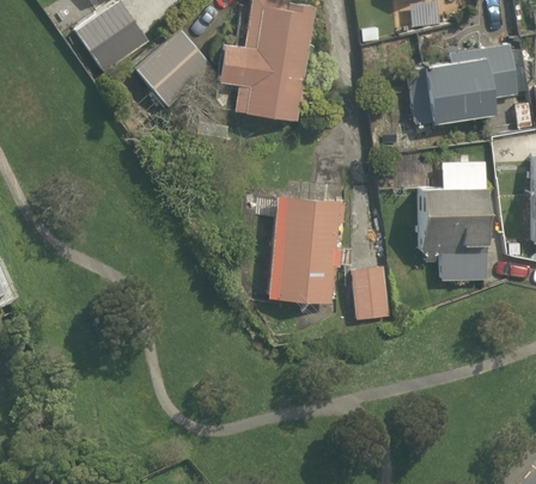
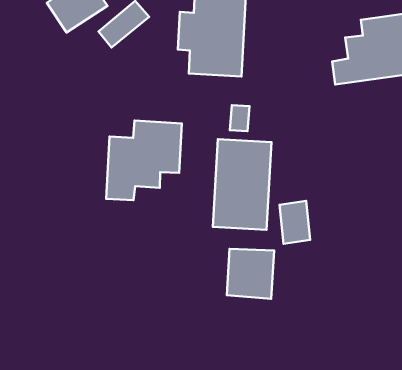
building: [416,160,480,284] -> none
building: none -> [106,120,182,200]
building: none -> [227,249,274,299]

